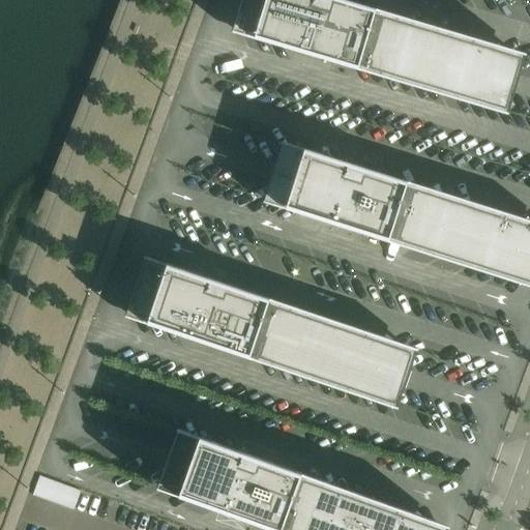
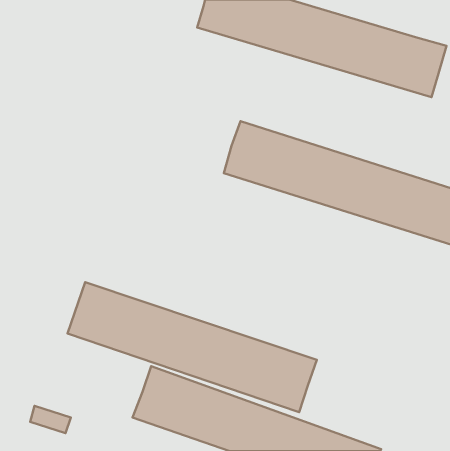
building: [126,257,418,409] -> [67,282,317,412]

